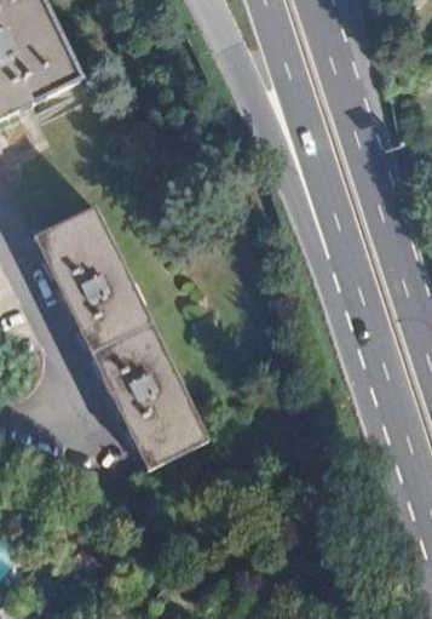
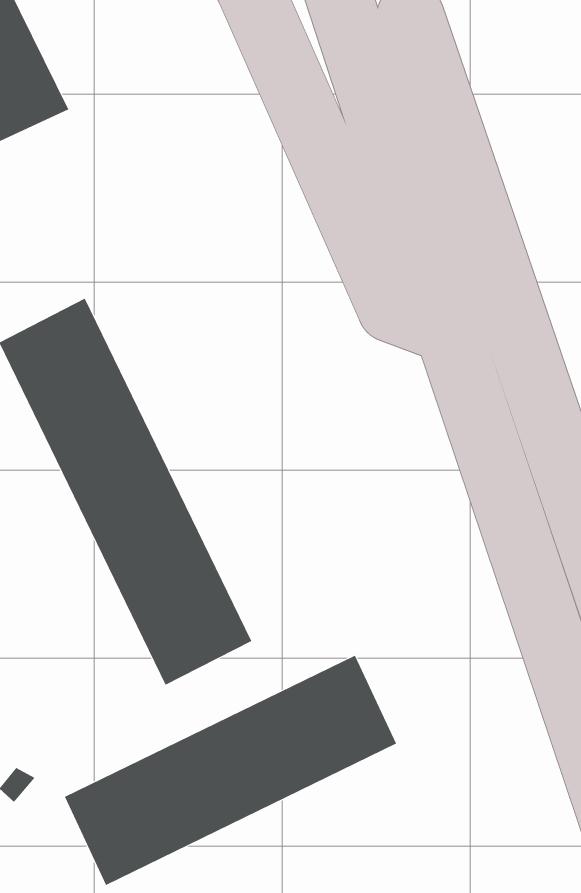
building: none -> [64,655,397,886]

